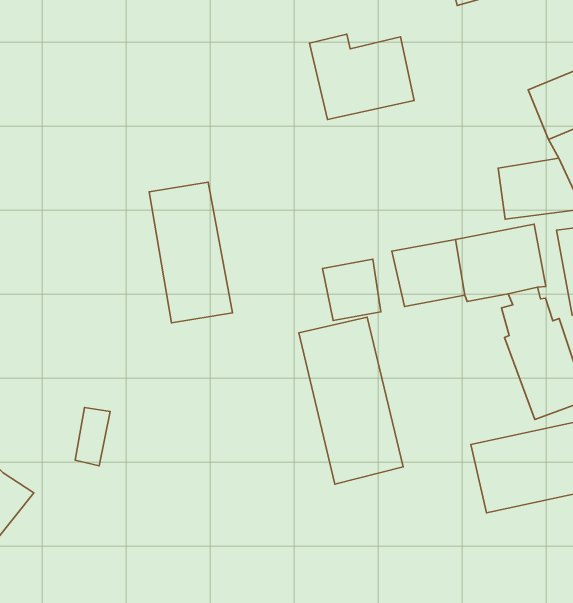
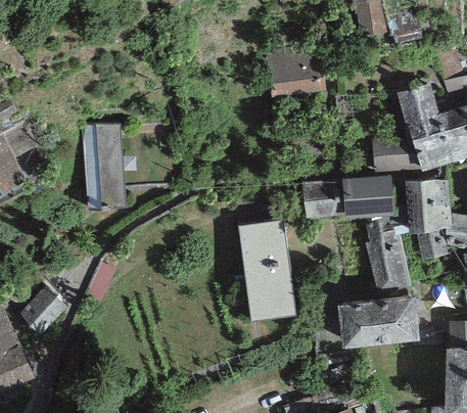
building: [149,182,232,323] -> [82,123,125,206]
building: [323,259,381,320] -> none

